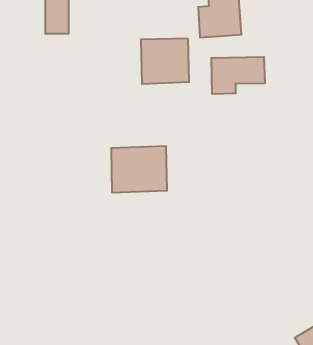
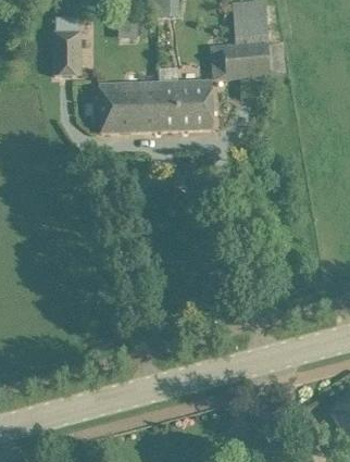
building: [211,57,265,94] -> none
building: [111,146,167,193] -> [99,80,161,132]

